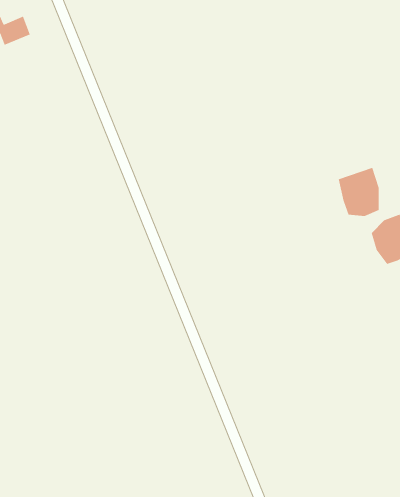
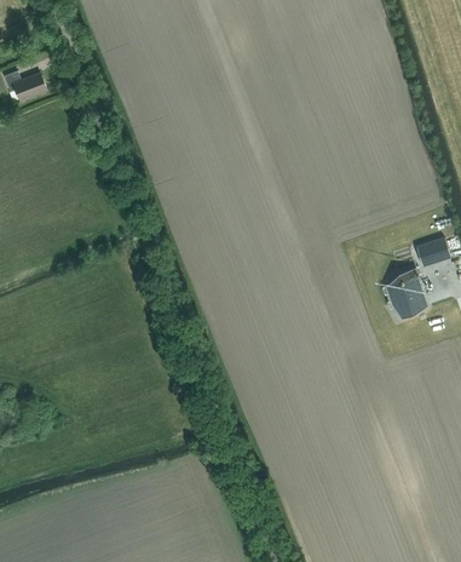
building: [338,167,379,217] -> none

